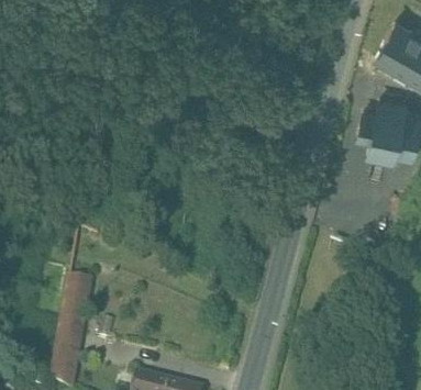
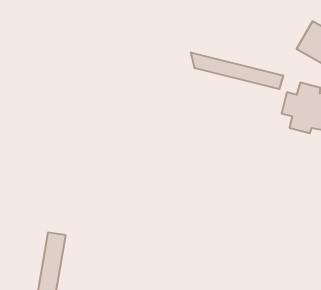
building: none -> [191,52,283,89]

